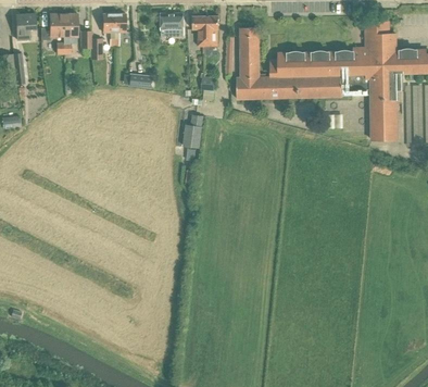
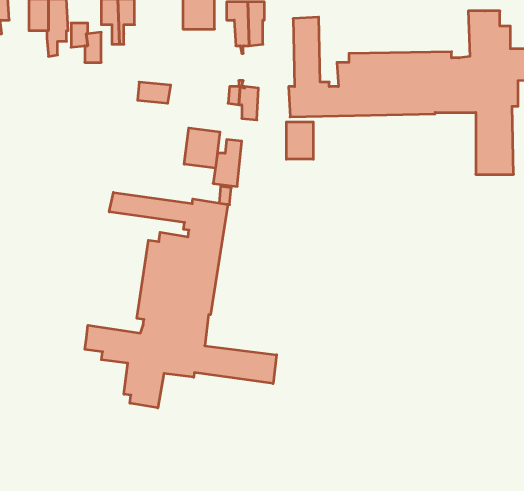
building: none -> [286,122,313,159]
building: none -> [184,128,220,168]
building: none -> [85,192,277,408]

